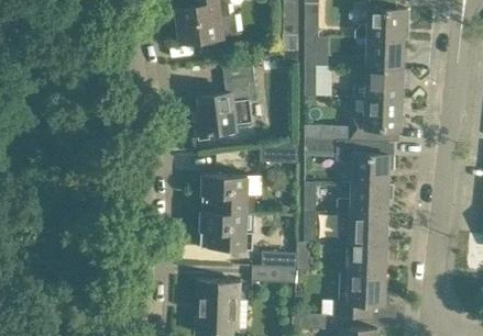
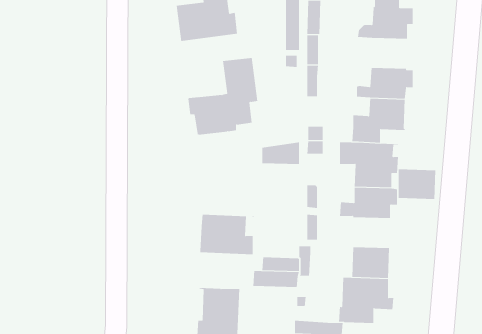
building: [367,41,404,70] -> none
building: [202,176,255,214] -> none
building: [350,215,387,245] -> [398,169,436,199]

